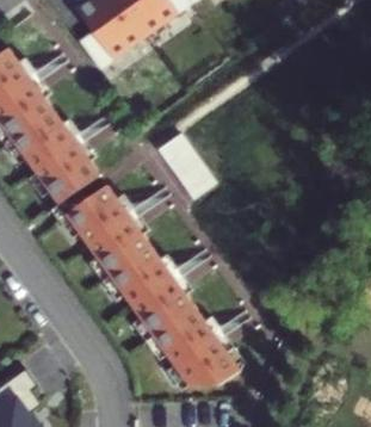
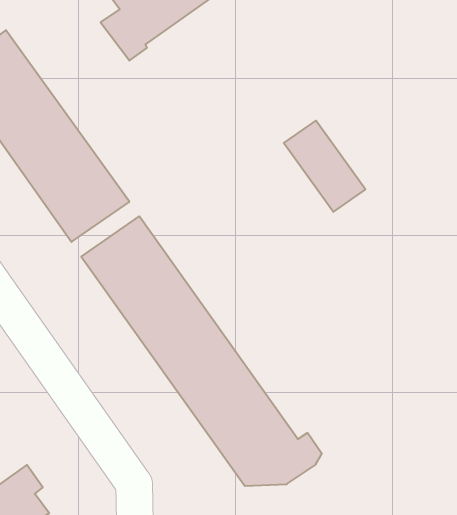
building: [155,129,216,197] -> [284,121,365,212]

